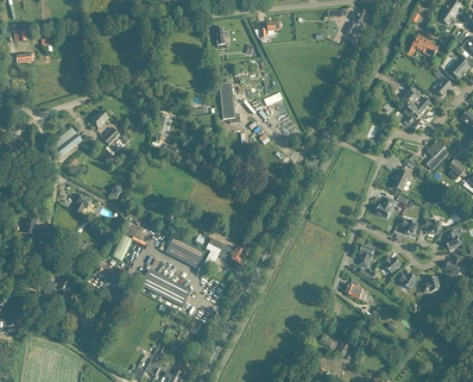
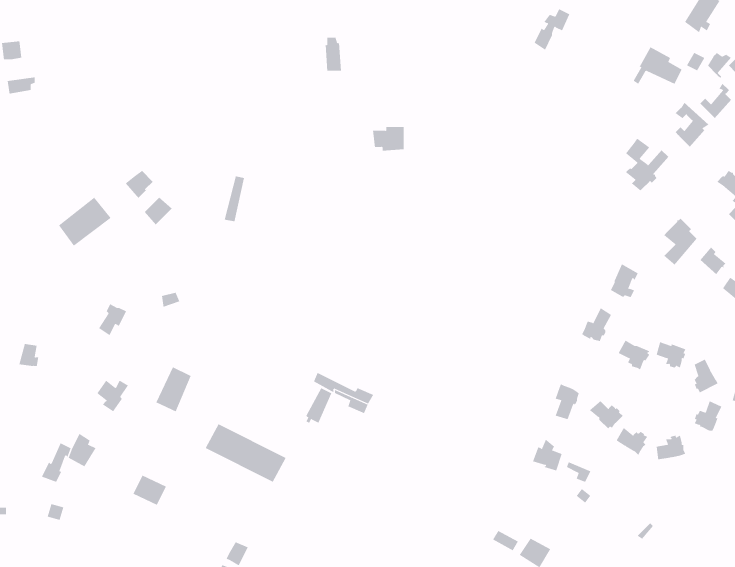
building: [217,82,239,124] -> none
building: [164,236,203,268] -> none

